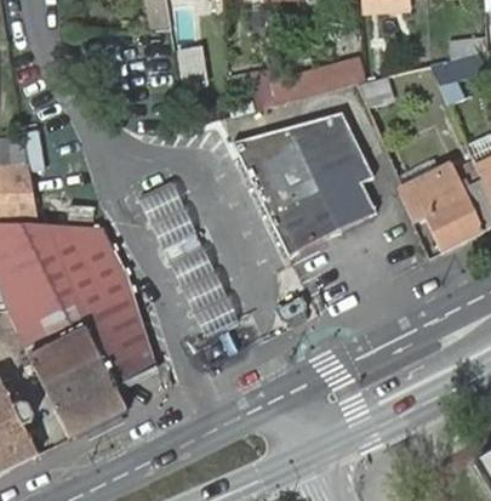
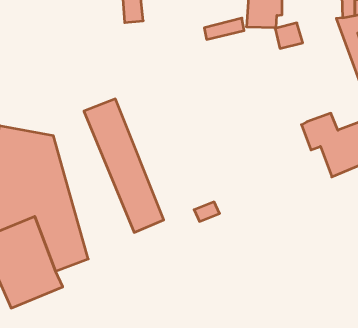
building: [228,114,373,254] -> none

